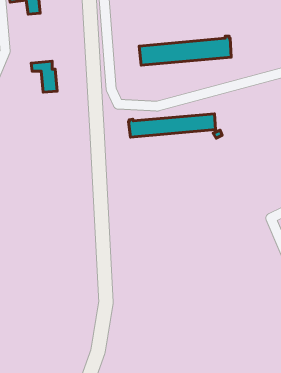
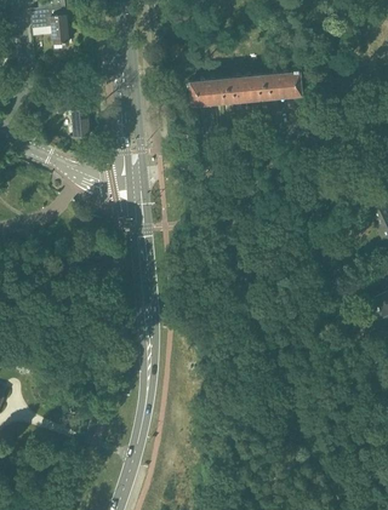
building: [128,114,216,137] -> none

